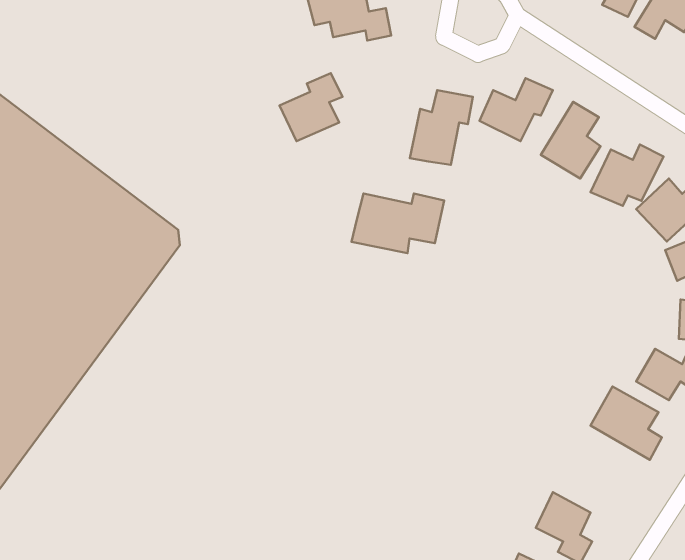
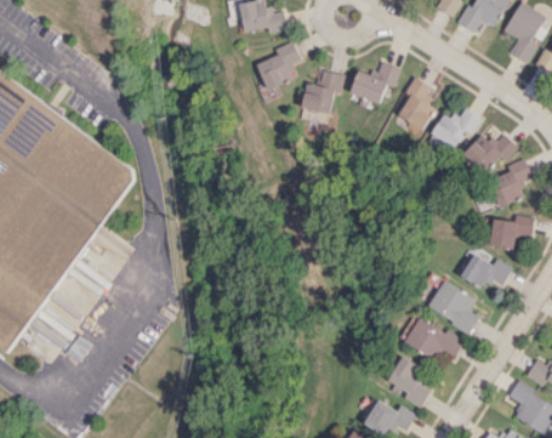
building: [280,73,343,141] -> [255,41,300,90]
building: [352,194,444,253] -> none
building: none -> [404,317,463,360]

